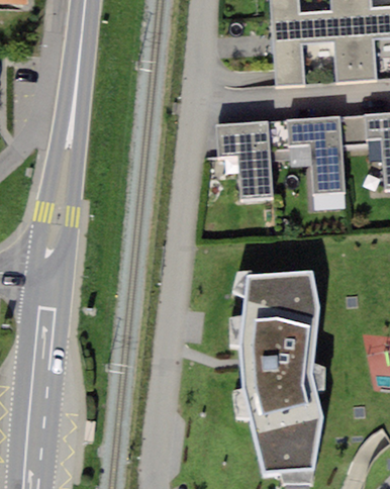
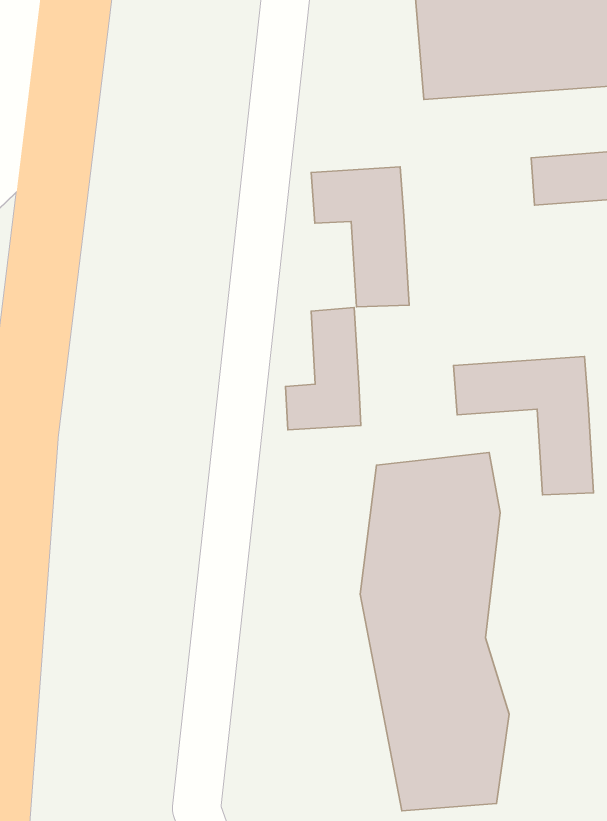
building: [263,116,340,193] -> [454,357,594,495]
building: none -> [286,307,361,430]

